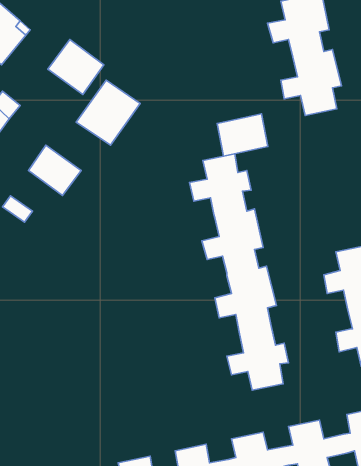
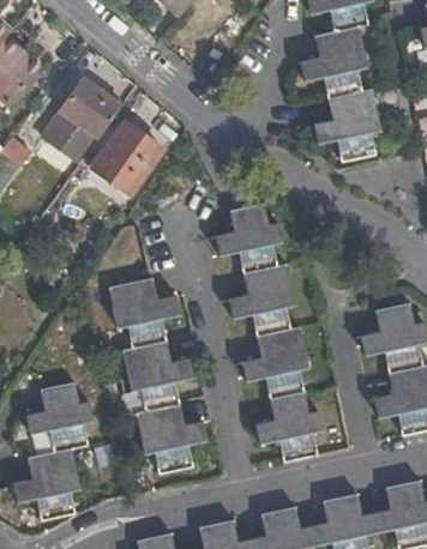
building: [217,114,268,156] -> none
building: [28,145,81,196] -> [41,110,98,165]
building: none -> [109,277,205,475]
building: none -> [13,381,92,519]

